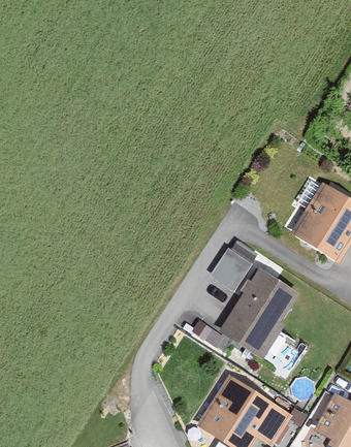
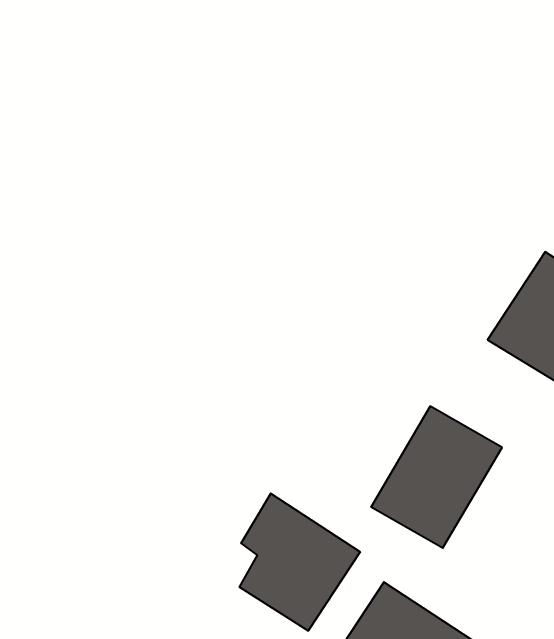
building: [211,238,256,289] -> none
building: none -> [240,493,360,631]

